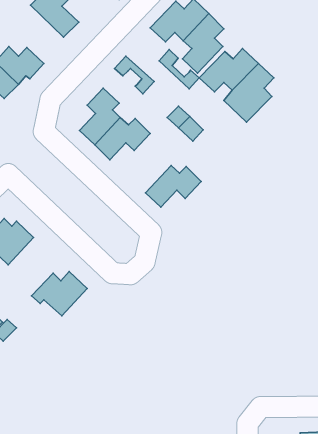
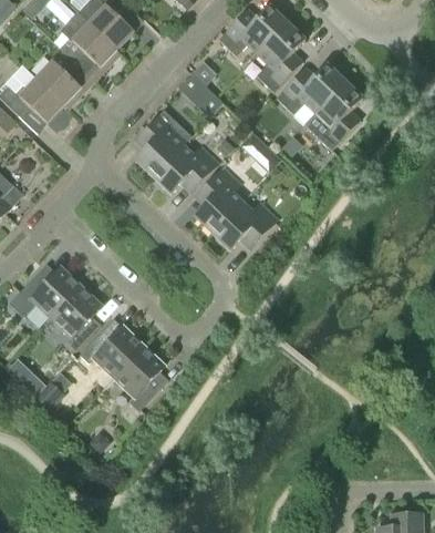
building: none -> [60,12,116,81]
building: [159,50,199,89] -> none
building: none -> [194,166,242,233]
building: none -> [51,285,102,350]
building: none -> [114,345,168,410]

